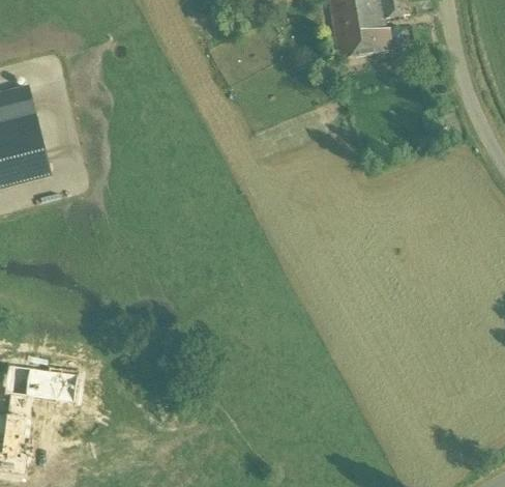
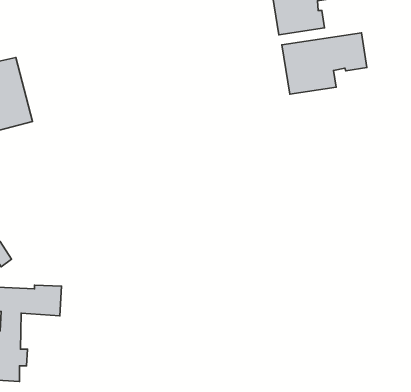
building: none -> [282,33,367,94]

